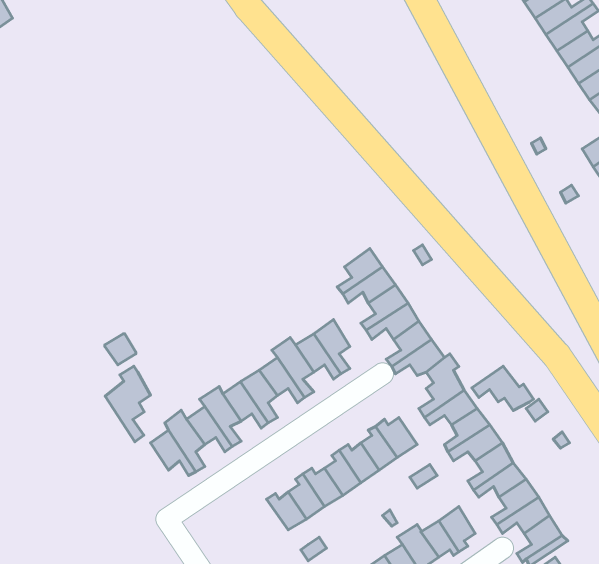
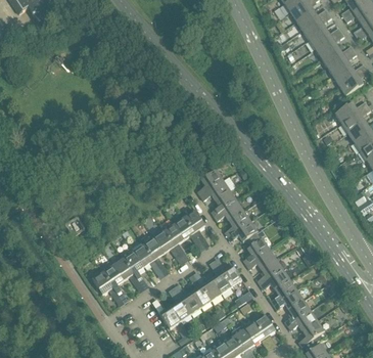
building: [105,366,151,442] -> none
building: [472,366,533,411] -> none

